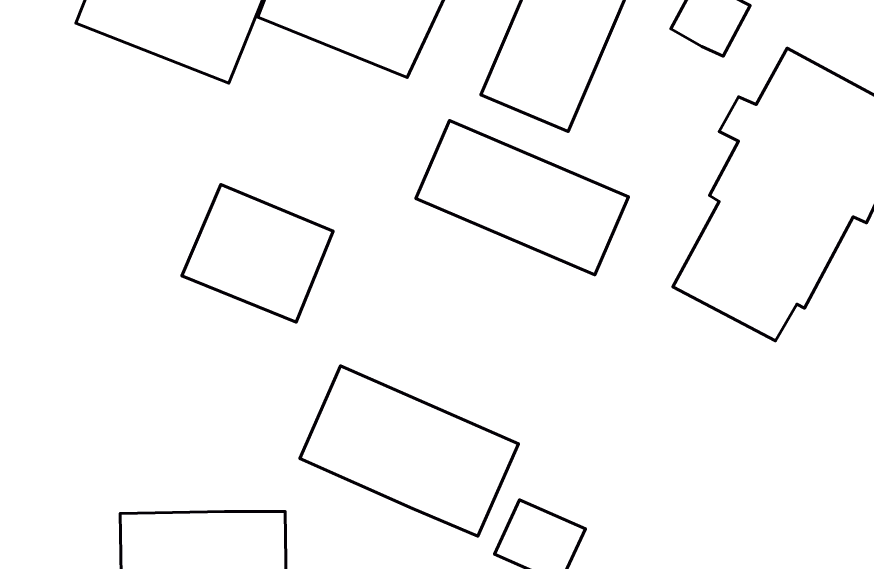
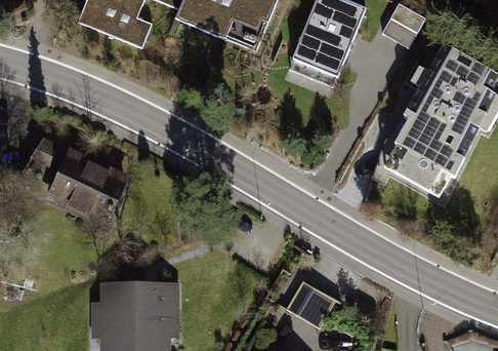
building: [416,120,629,275] -> none
building: [182,185,333,322] -> [45,151,125,224]
building: [300,366,518,536] -> none

